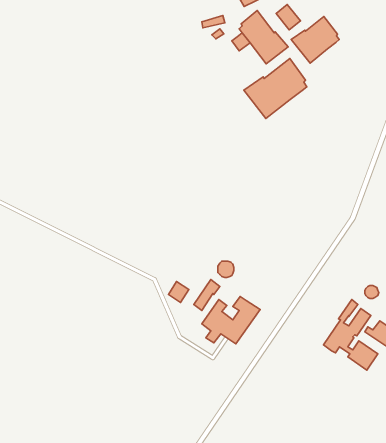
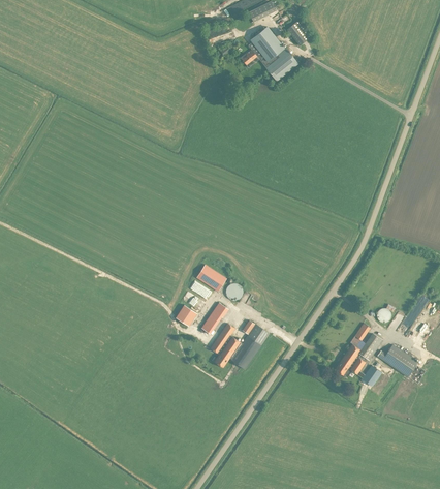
building: [291,17,339,63] -> none
building: [244,59,307,119] -> none
building: none -> [196,265,226,292]

